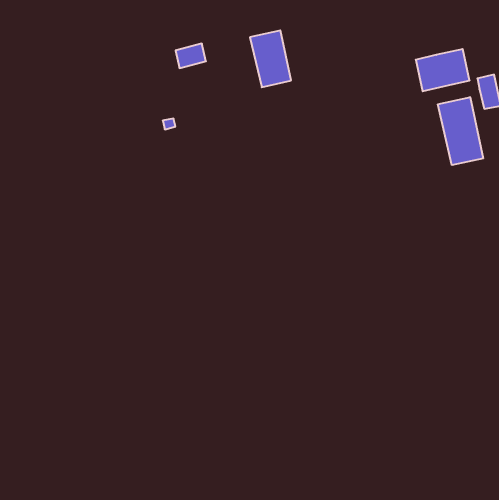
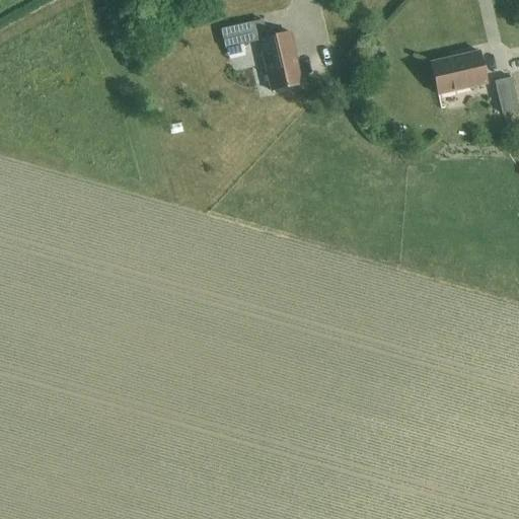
building: [176,44,206,68] -> [223,22,254,48]
building: [438,97,483,165] -> none

